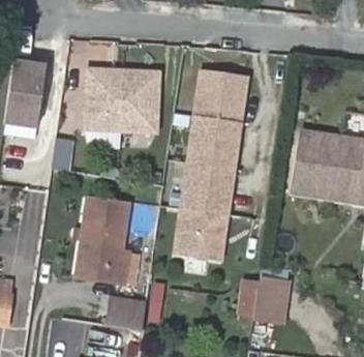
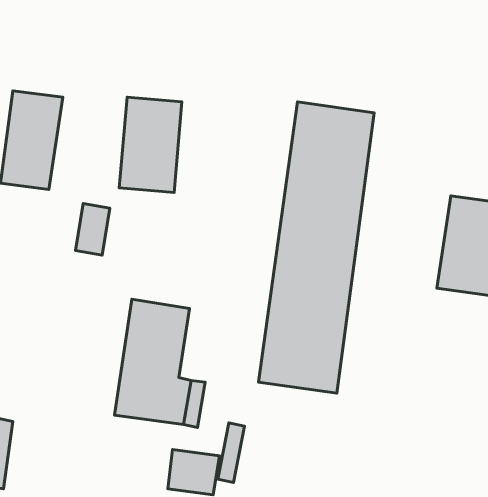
building: [118,69,159,132] -> none
building: [253,277,290,323] -> none

